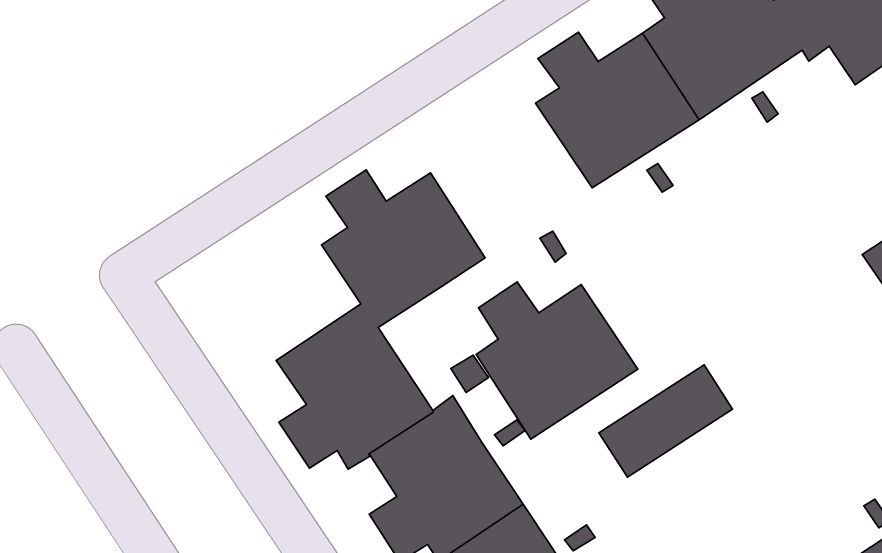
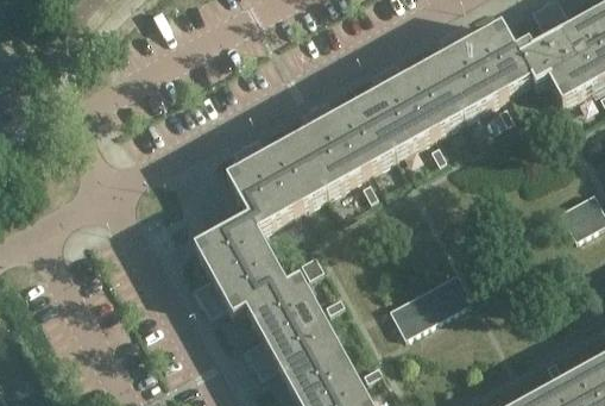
building: [476,282,638,439] -> [297,89,396,187]

